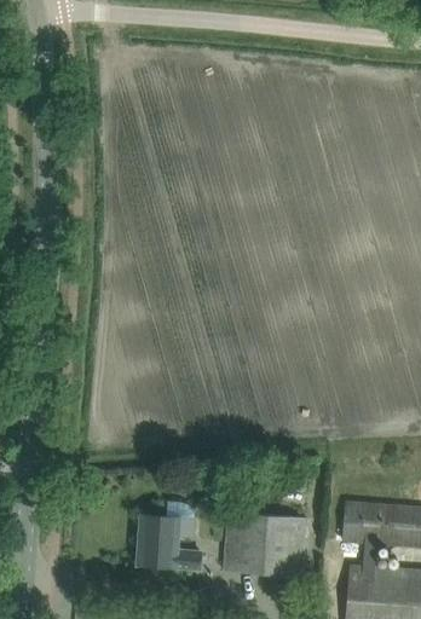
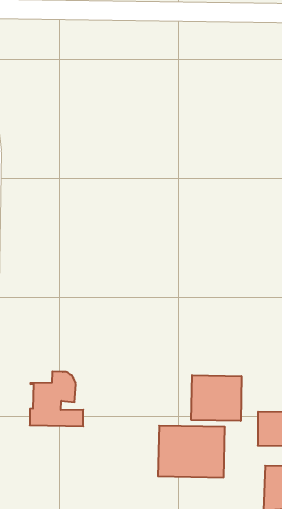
building: none -> [191,375,241,421]
building: [137,503,201,569] -> [30,371,83,426]

